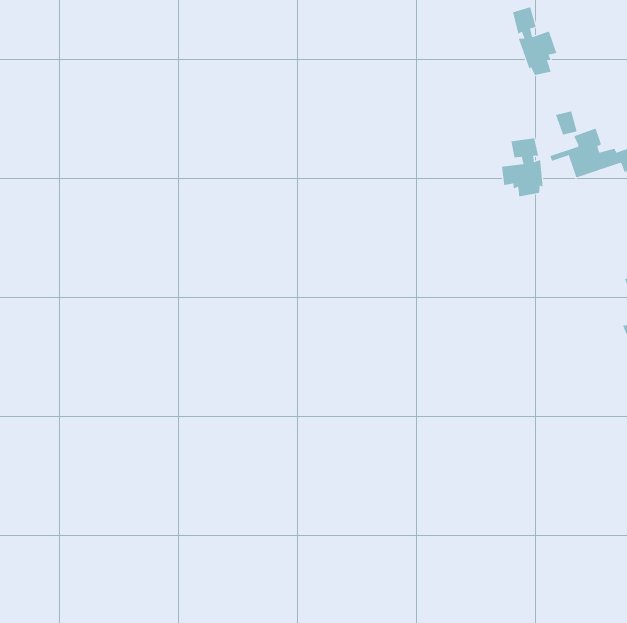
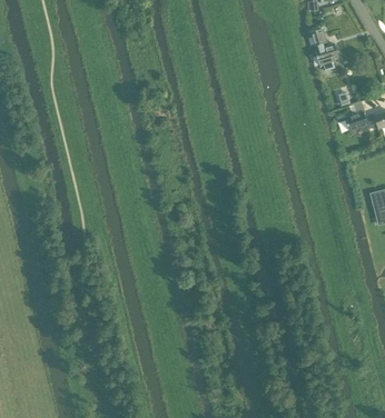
building: [501,138,543,197] -> none

